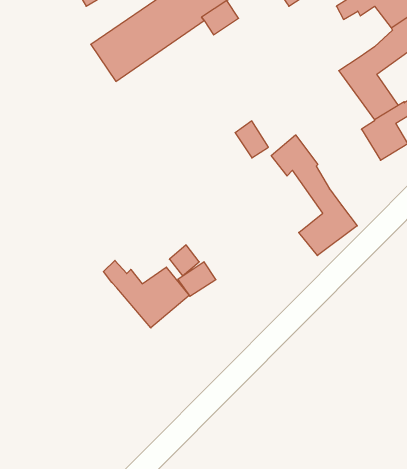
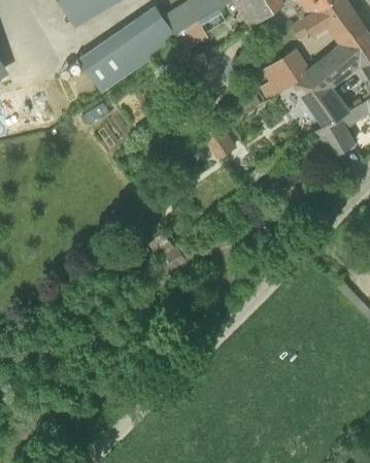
building: none -> [258,53,311,101]
building: [271,135,357,256] -> none
building: [103,260,189,328] -> none

